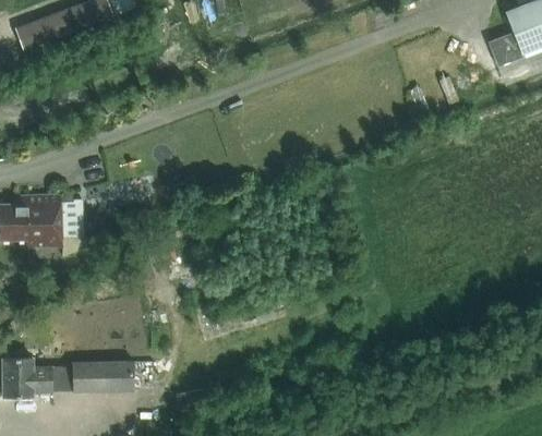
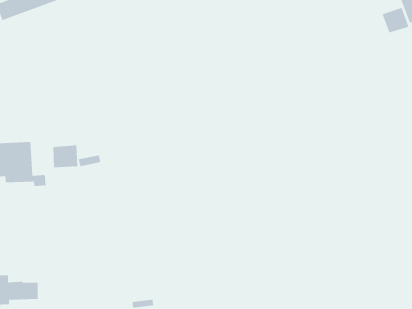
building: none -> [53,144,78,168]
building: [69,362,135,392] -> none

